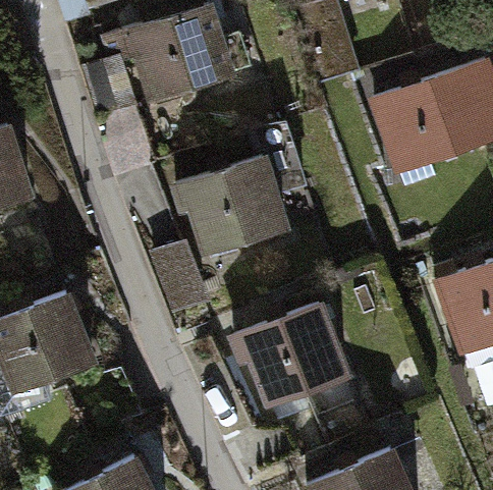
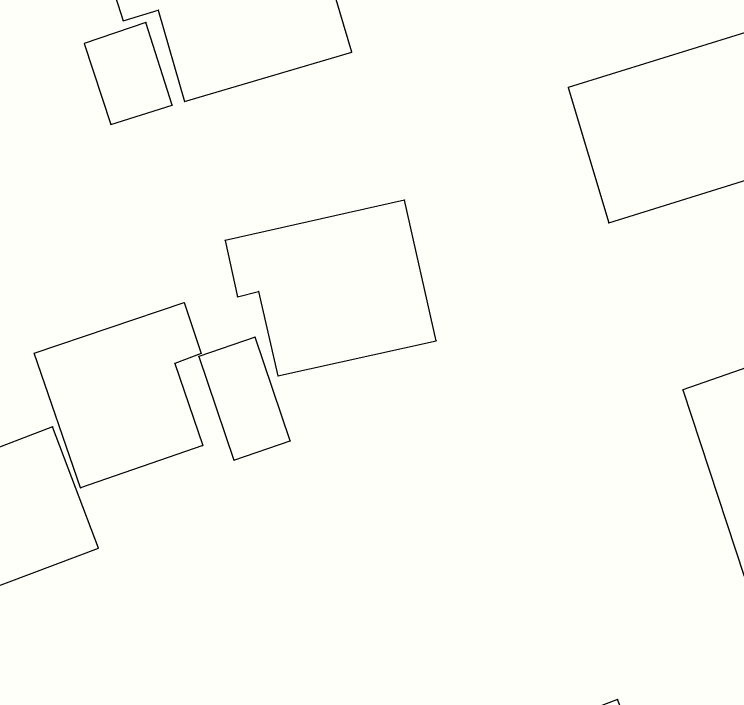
building: none -> [34,303,203,488]
building: [229,306,351,409] -> none

